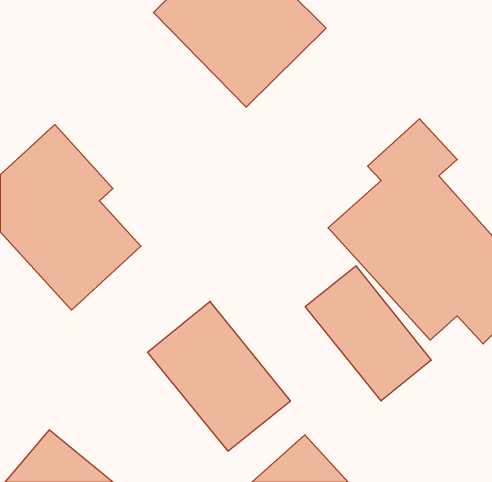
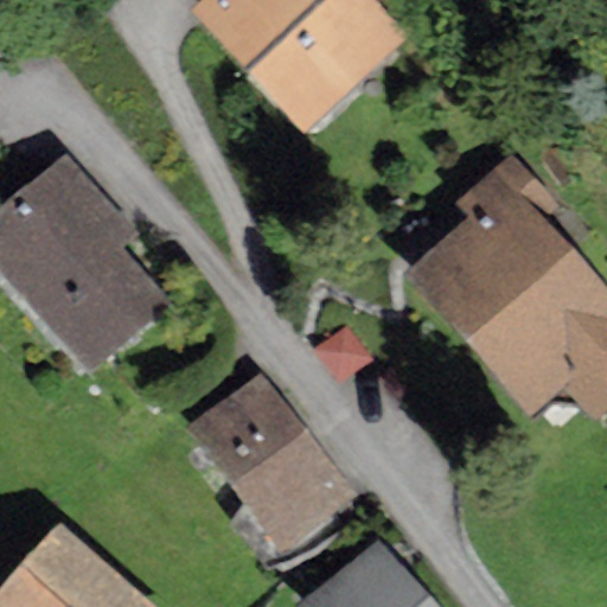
building: [305,266,431,401] -> none

